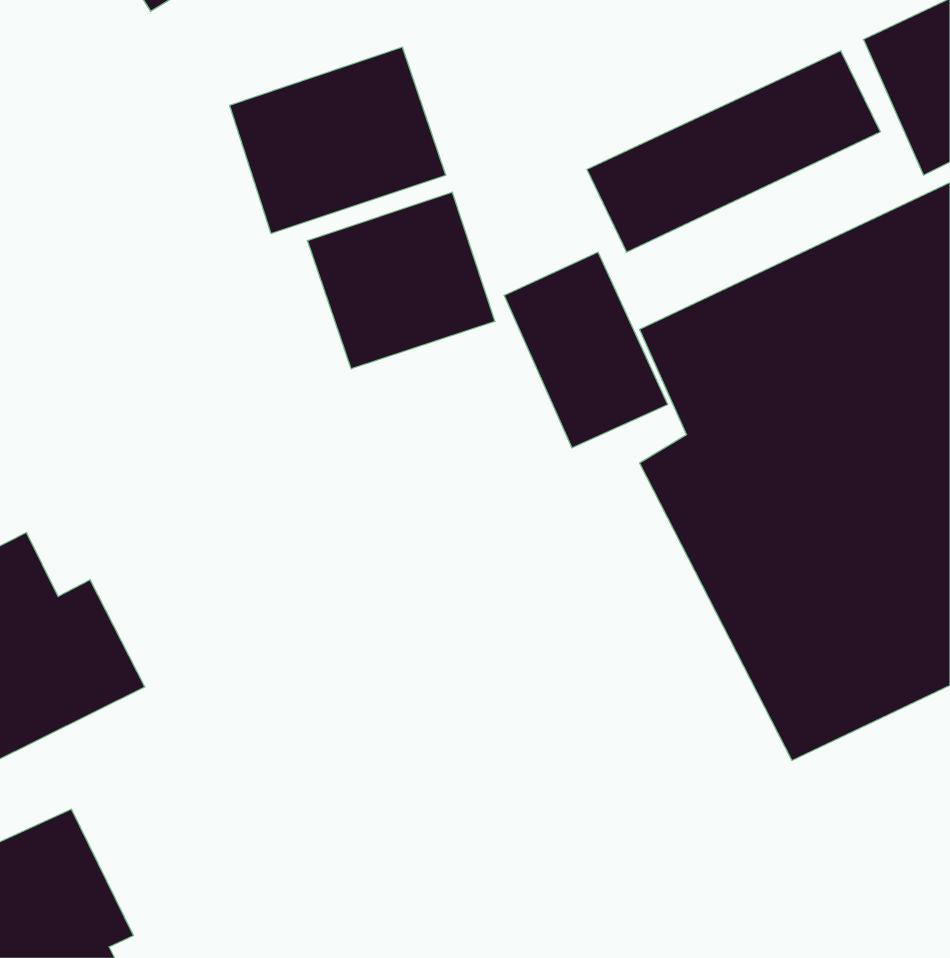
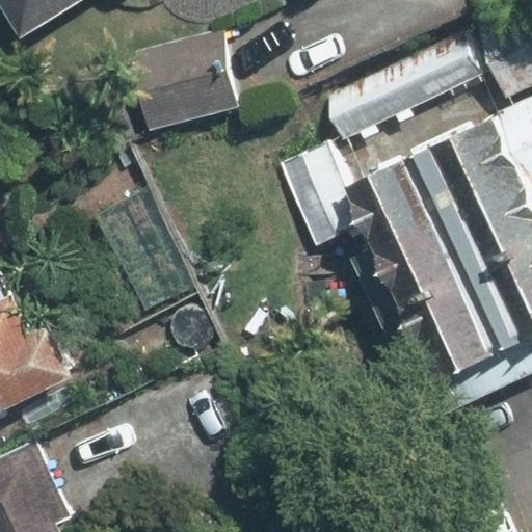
building: [307,192,495,369] -> none

